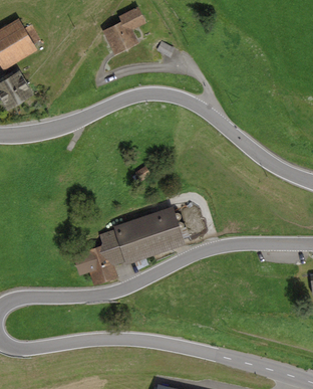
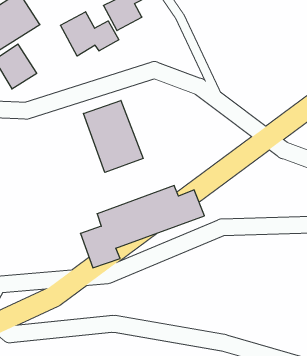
building: none -> [60,12,119,56]
building: none -> [83,100,143,172]

